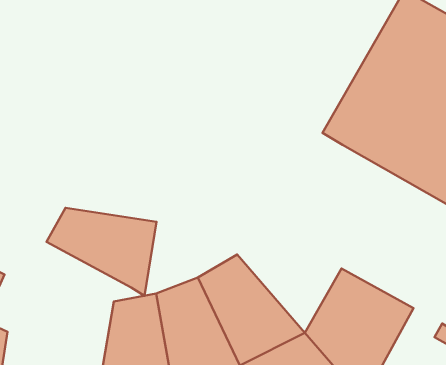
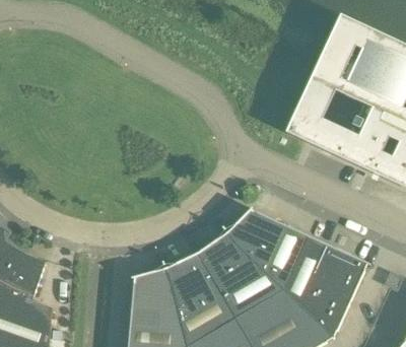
building: [46,208,157,296] -> none
building: none -> [226,209,309,289]

